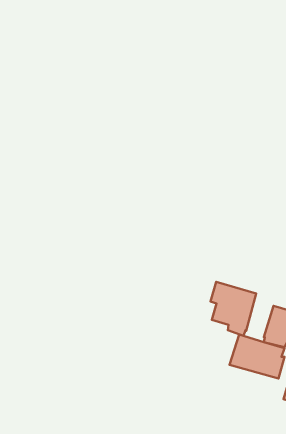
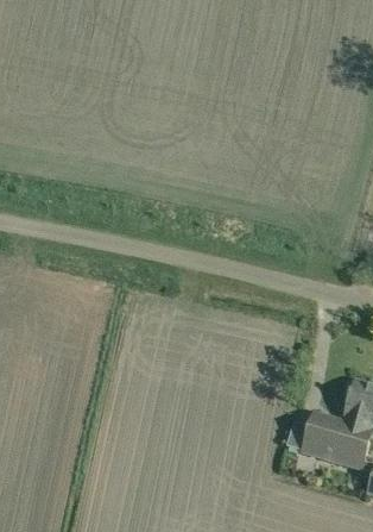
building: [210,282,256,336] -> none

